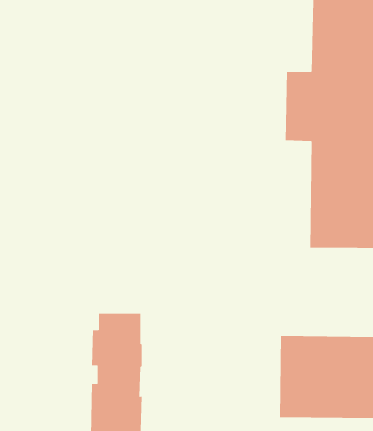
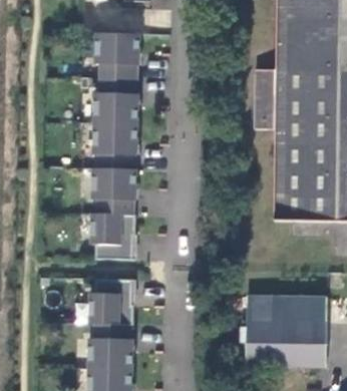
building: none -> [90,32,138,259]

